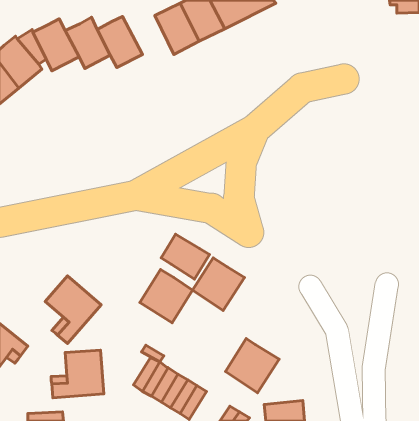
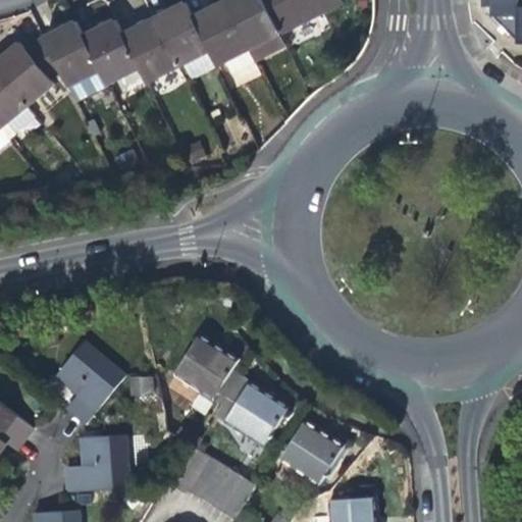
building: none -> [152,4,208,67]
building: [161,234,210,279] -> none
building: [193,258,244,311] -> [224,381,289,447]

